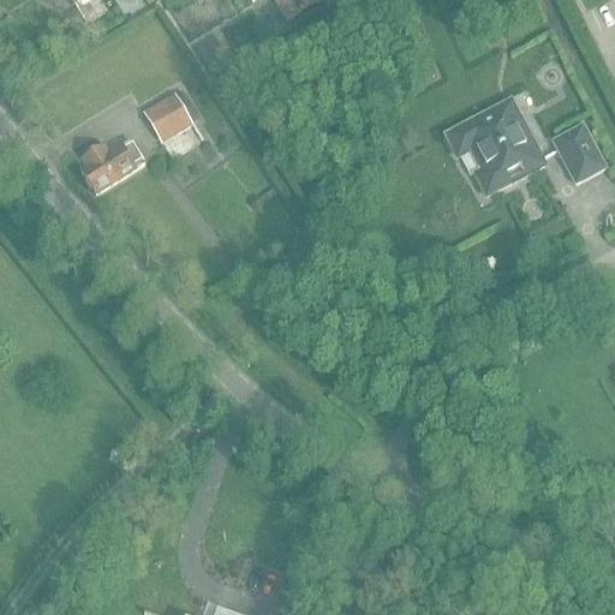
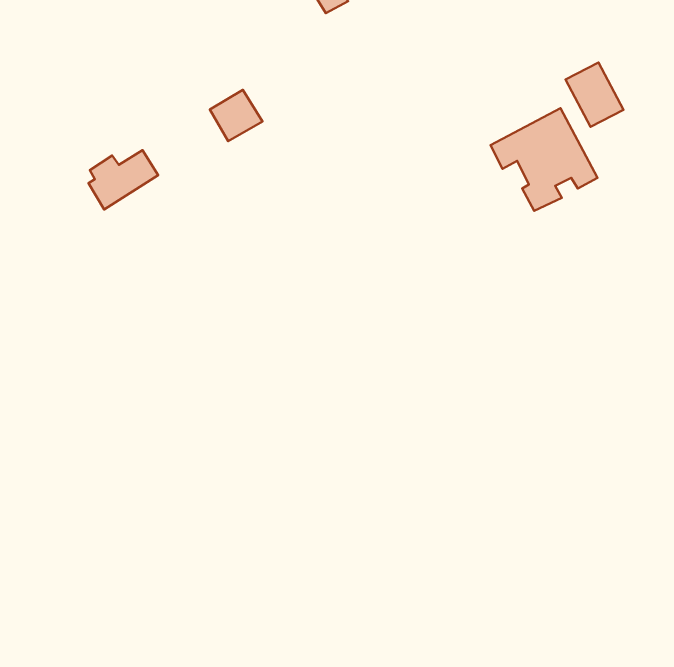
building: [144,92,192,139] -> [210,90,263,141]
building: [553,123,605,181] -> [565,62,624,127]

